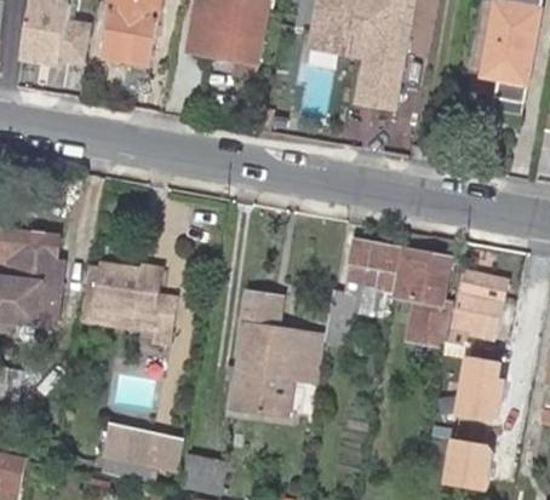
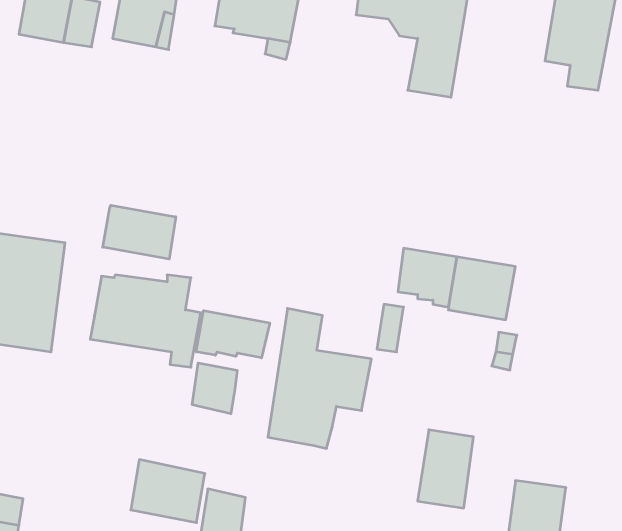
building: none -> [103,205,176,259]
building: [451,272,505,343] -> none
building: none -> [196,311,270,358]
building: none -> [192,363,237,414]
building: [458,357,506,425] -> [418,430,473,508]

